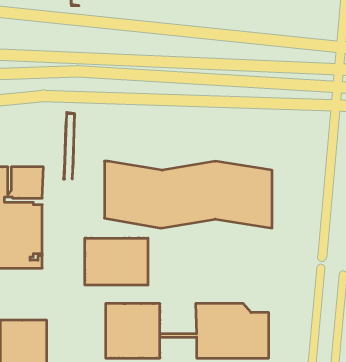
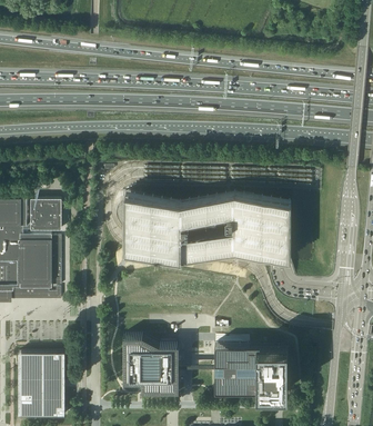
building: [85,238,148,285] -> none

